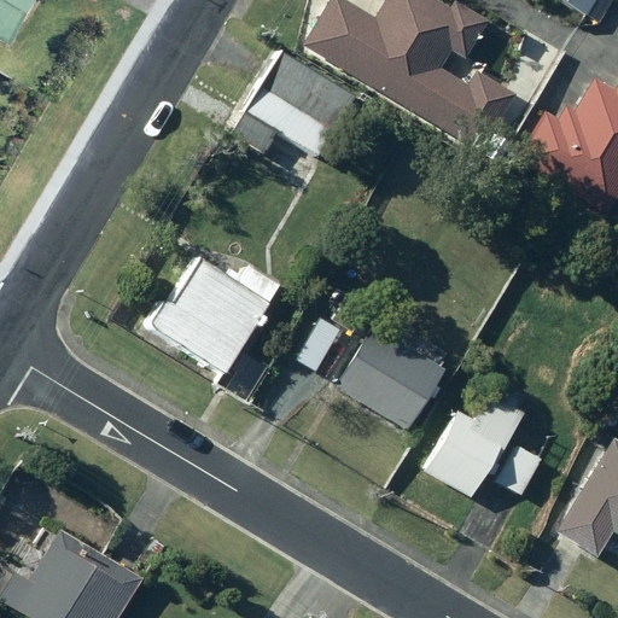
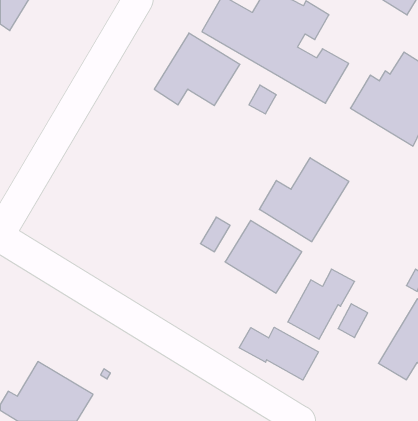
building: none -> [259,158,349,242]
building: [148,256,281,406] -> none
building: none -> [239,327,318,380]

